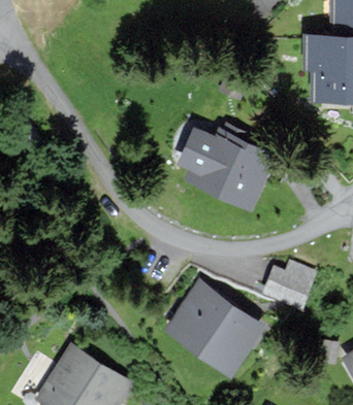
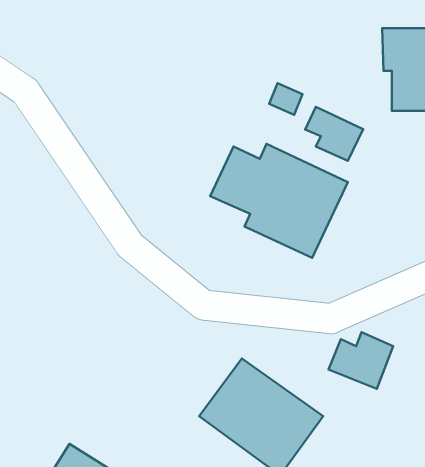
building: none -> [305,107,363,161]

